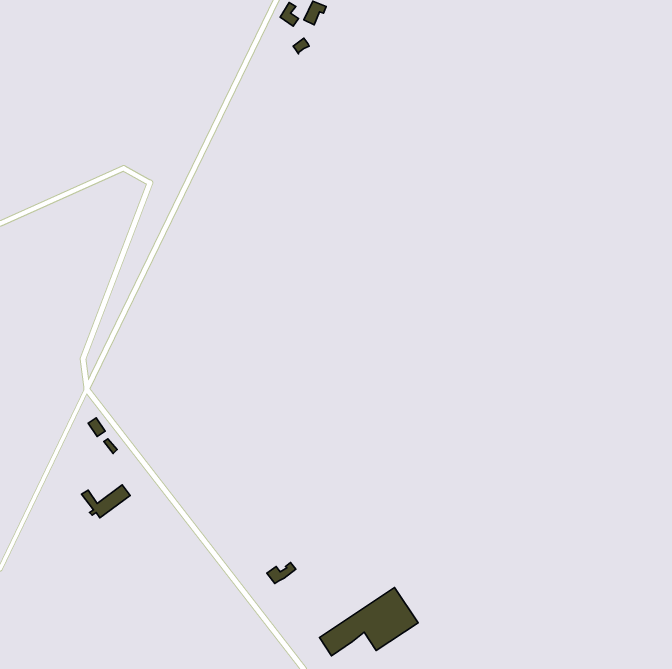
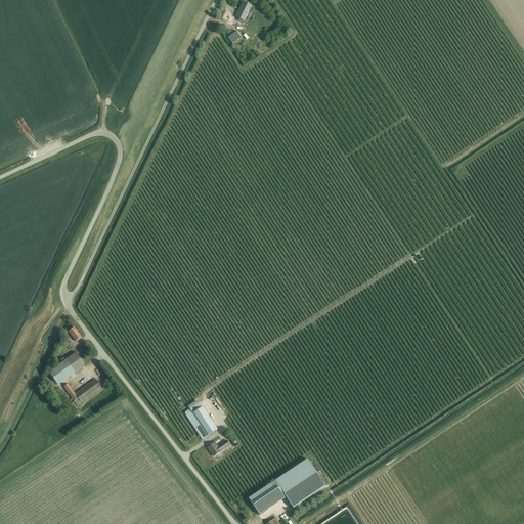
building: none -> [49,351,86,384]
building: none -> [185,401,218,438]

